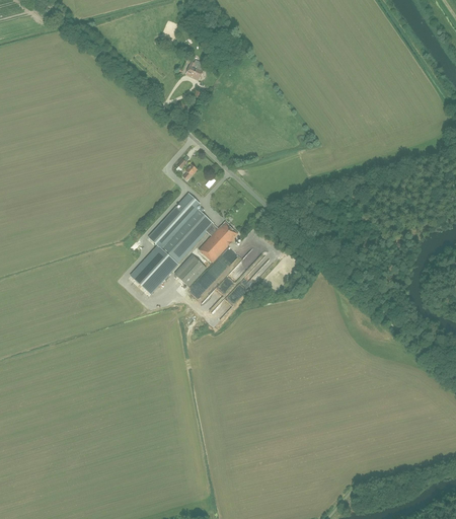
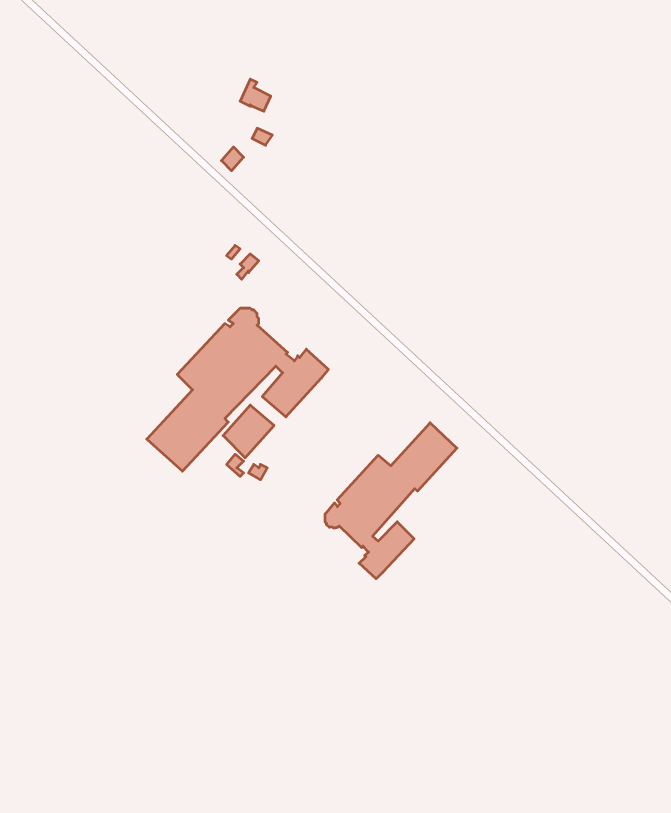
building: none -> [325,423,457,579]

